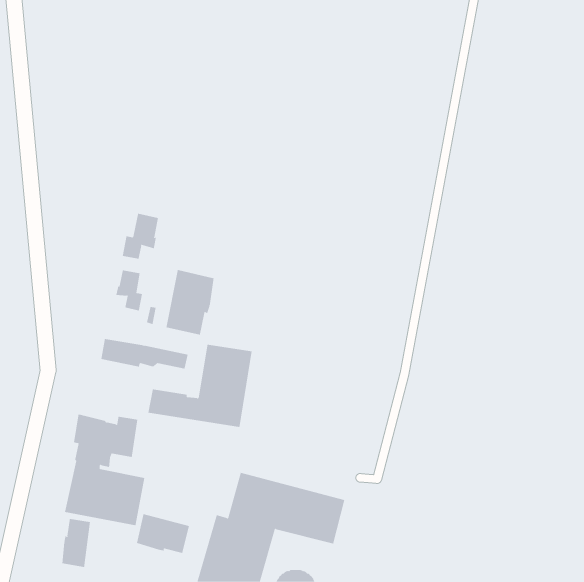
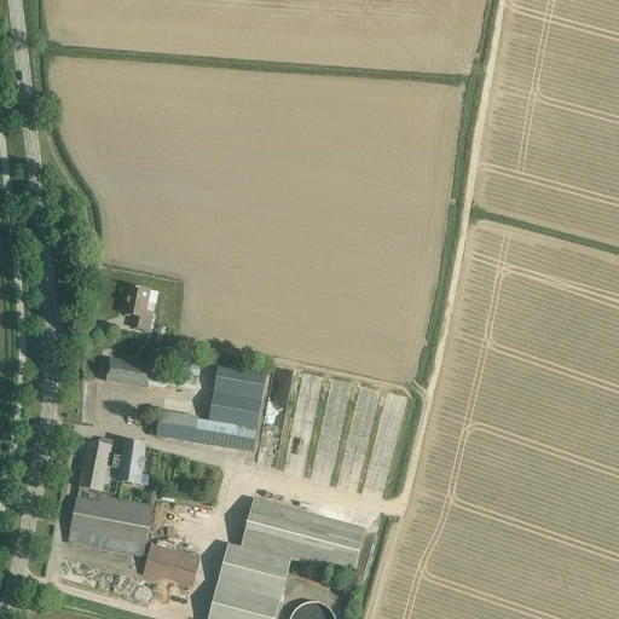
building: [122,213,158,259] -> none
building: [166,269,214,335] -> none
building: [62,518,90,568] -> none

